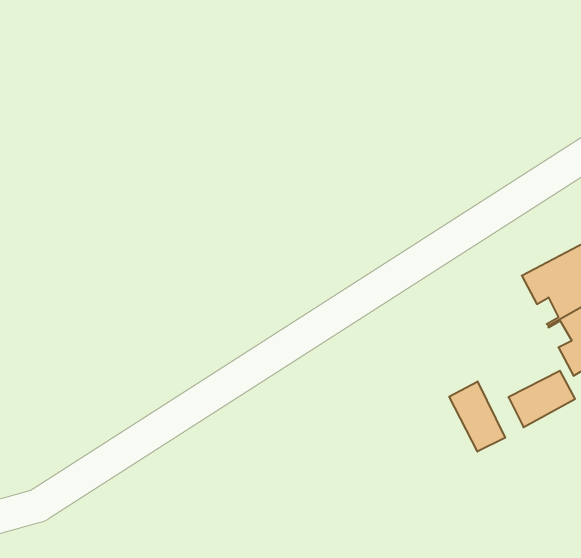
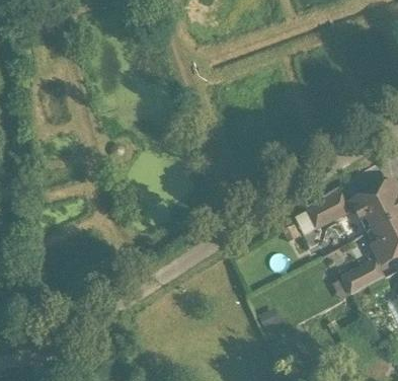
building: none -> [306,192,346,226]
building: [449,381,505,452] -> none

